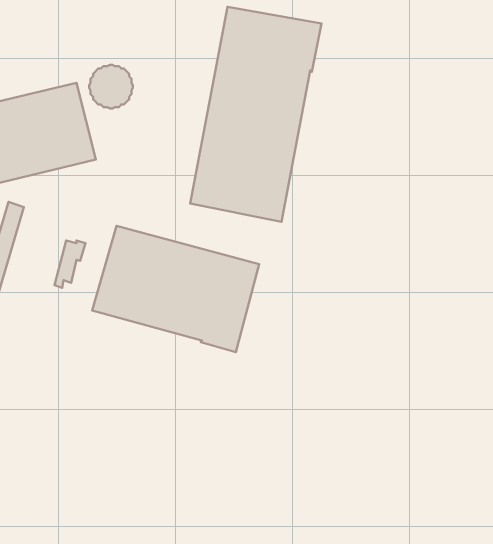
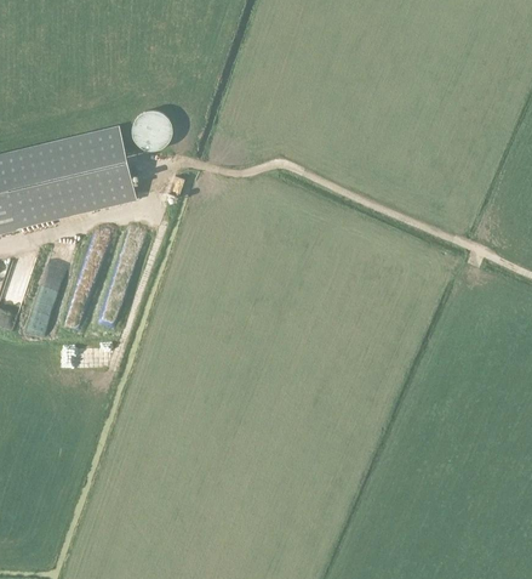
building: [190,7,321,222] -> none
building: [92,226,259,352] -> none

